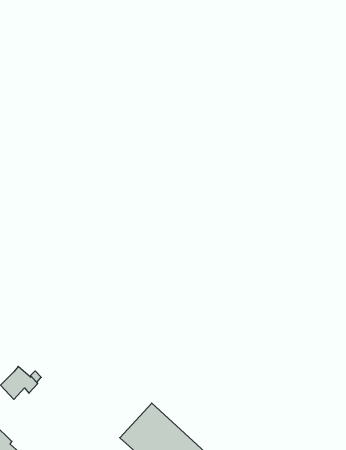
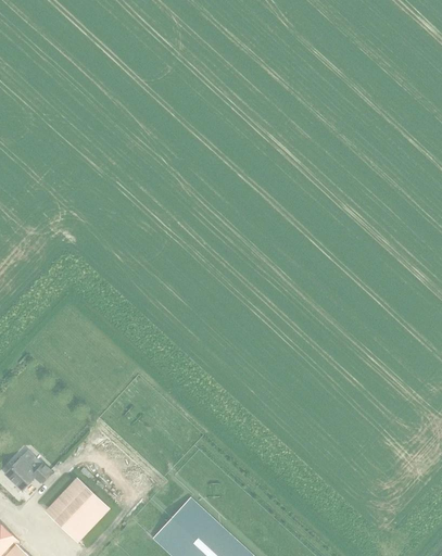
building: none -> [46,478,109,541]

